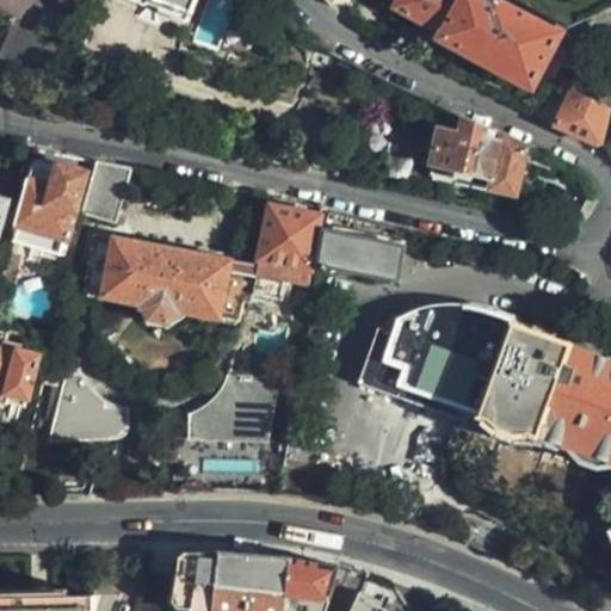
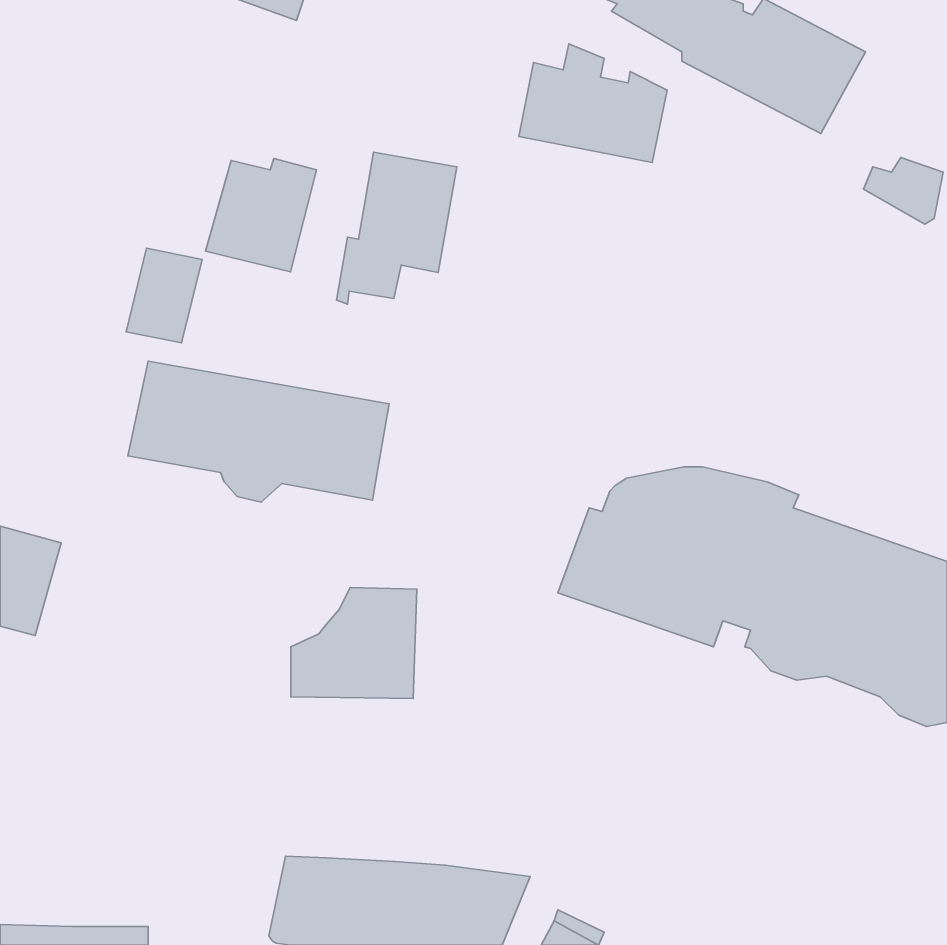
building: [430,116,525,192] -> [519,44,667,162]
building: [14,165,86,237] -> [205,159,317,272]
building: [243,205,321,303] -> [336,152,457,304]
building: [319,229,401,277] -> none
building: [51,383,121,453] -> none

